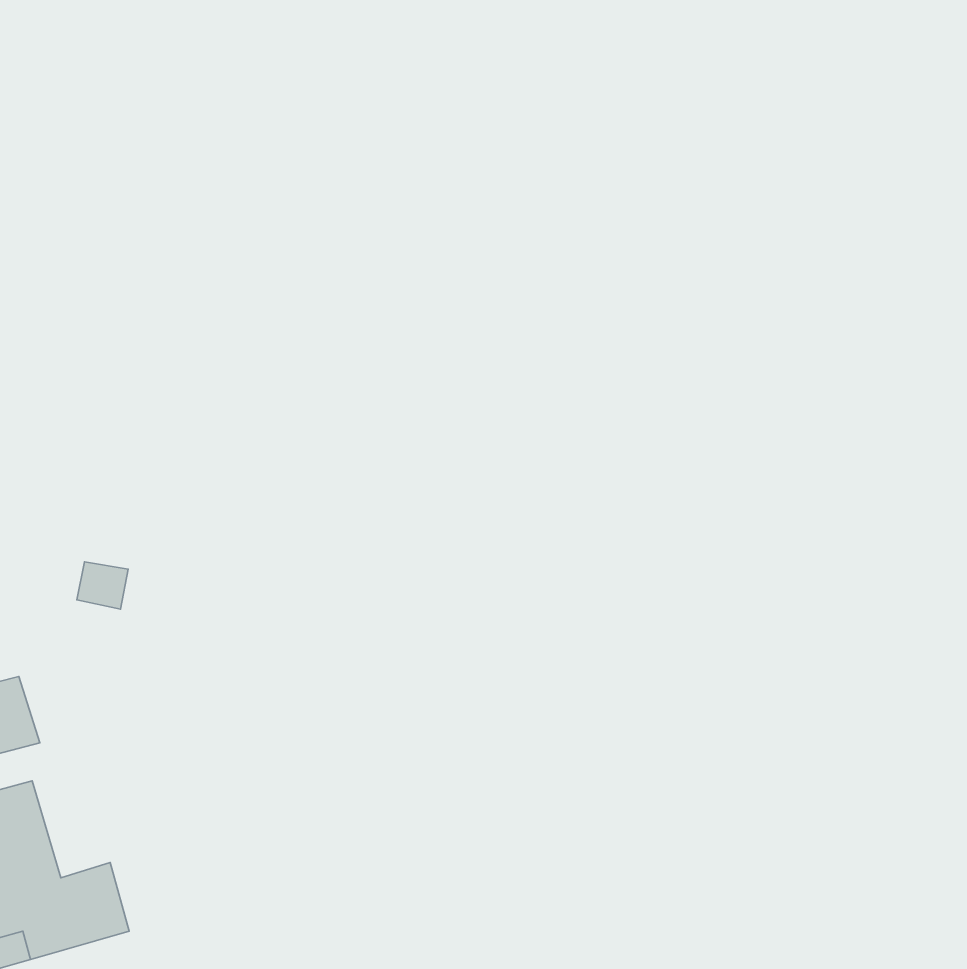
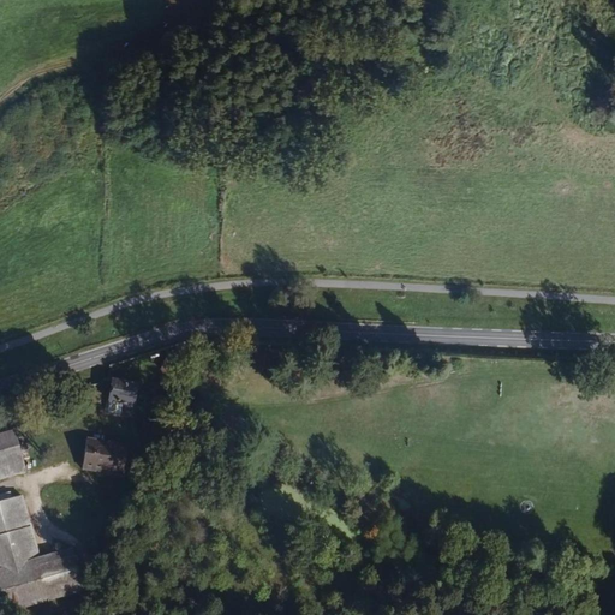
building: [77,562,128,609] -> [106,377,138,407]
building: none -> [79,435,125,476]

